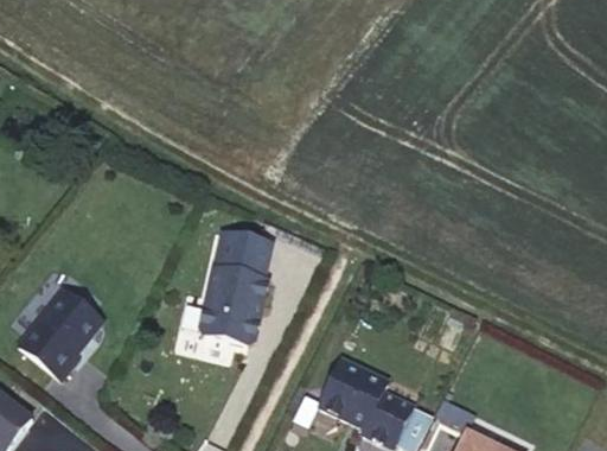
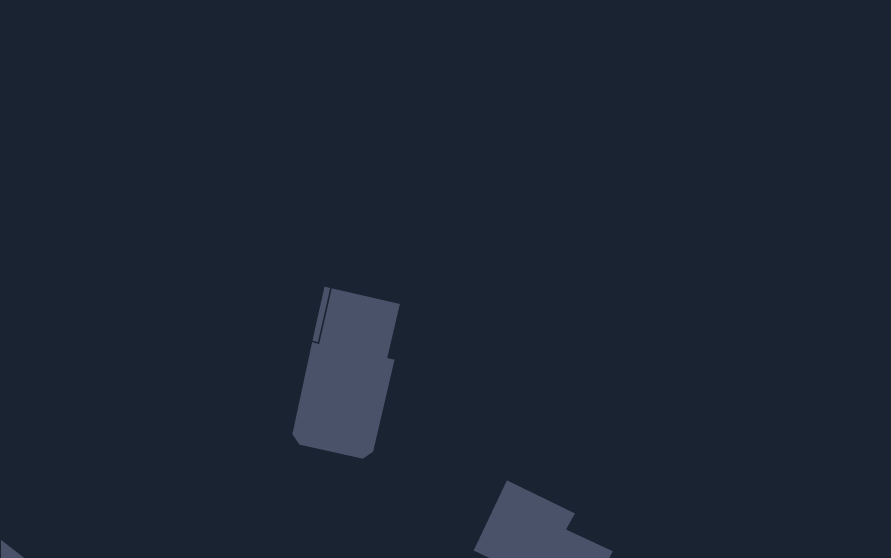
building: [19,288,102,379] -> none

